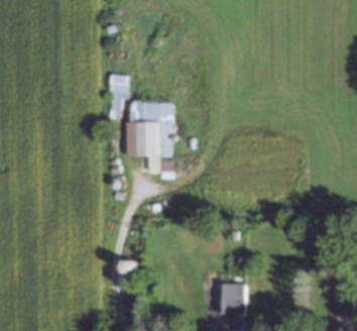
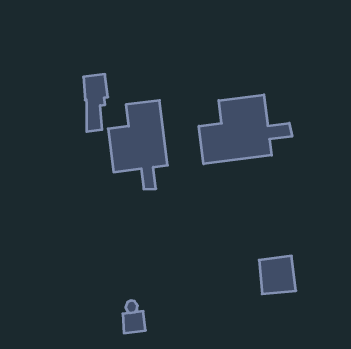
building: none -> [199,95,292,164]
building: [217,283,245,312] -> [259,256,296,294]

